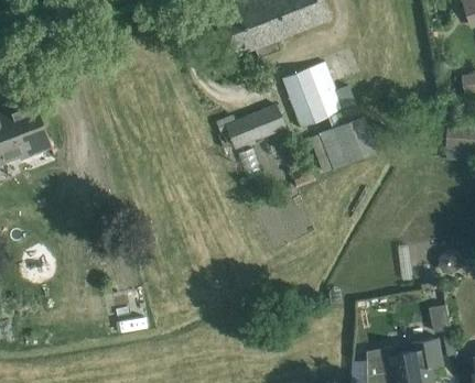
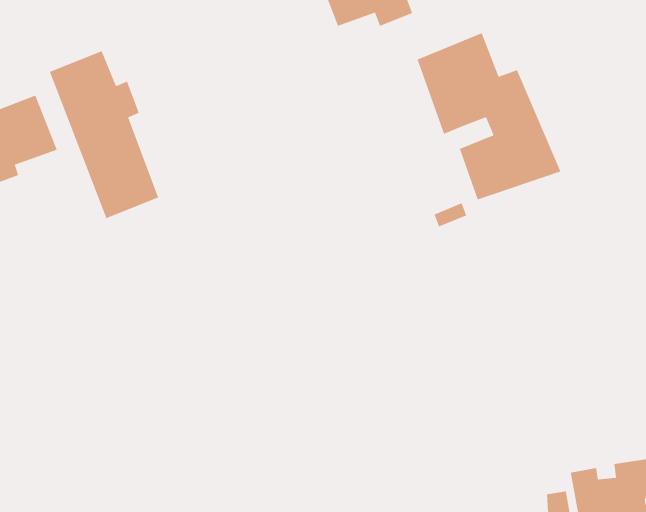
building: none -> [49,50,159,219]
building: [214,105,284,149] -> none

